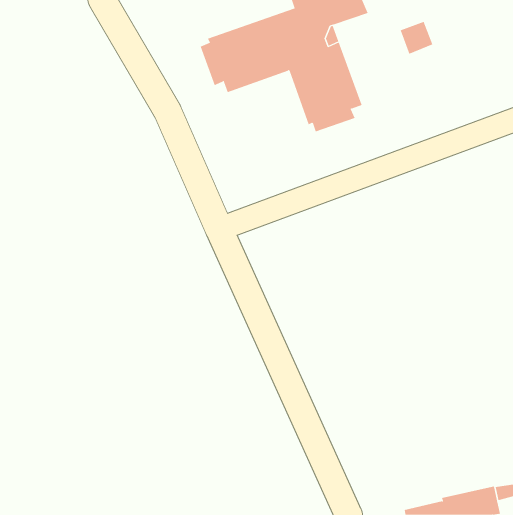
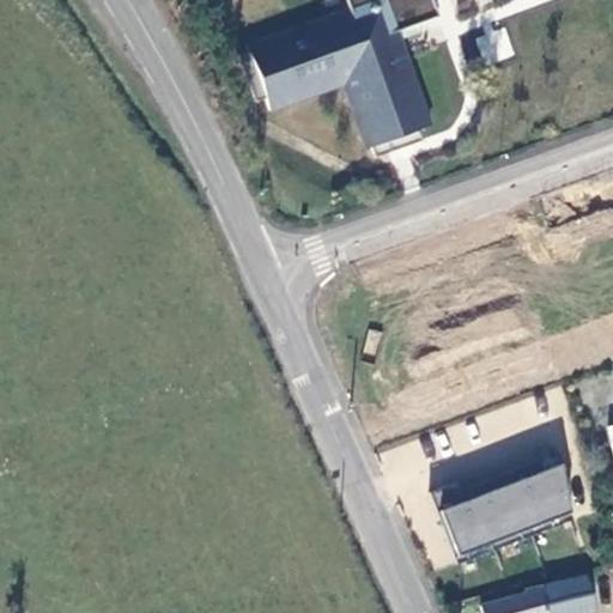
building: none -> [430,451,572,564]

